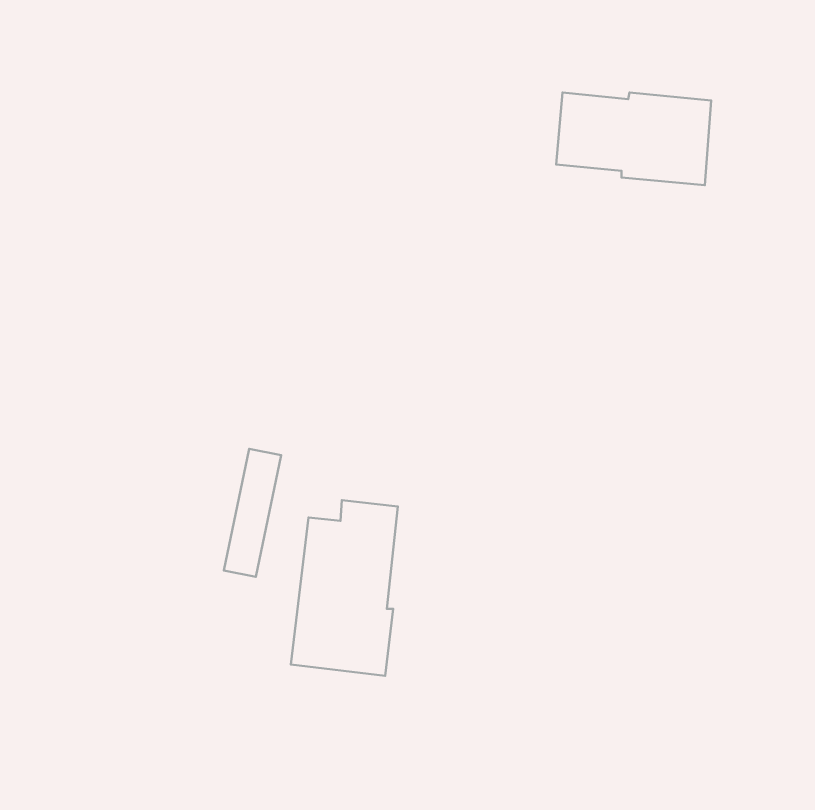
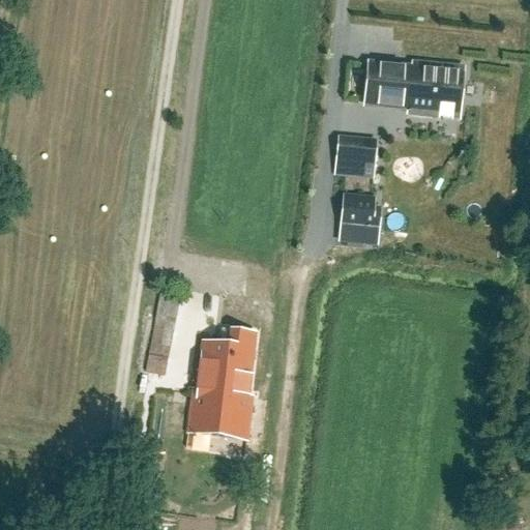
building: none -> [332,135,376,178]
building: none -> [337,194,379,233]

